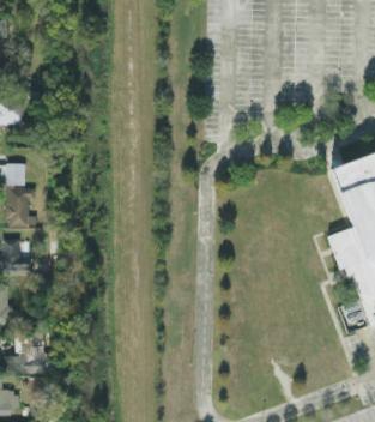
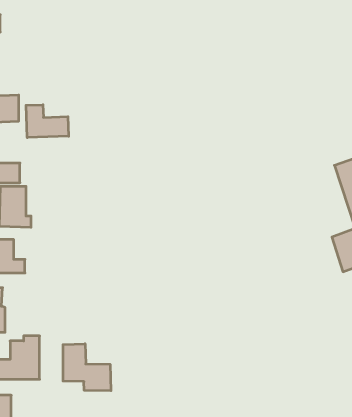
building: none -> [26,105,69,138]
building: none -> [63,344,111,391]

